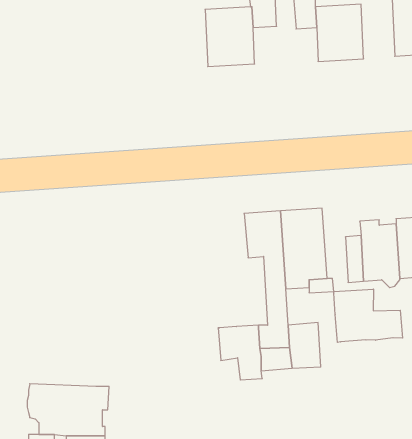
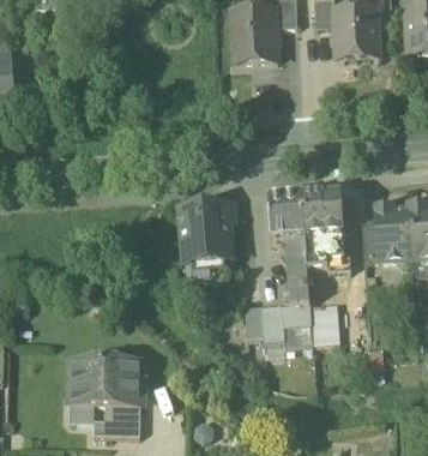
building: none -> [180,203,233,263]
building: [334,289,403,342] -> none

